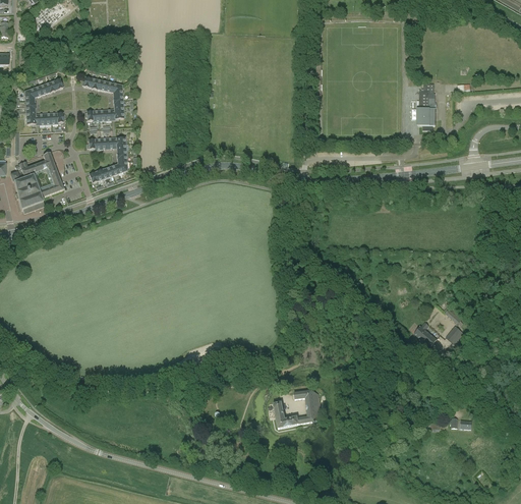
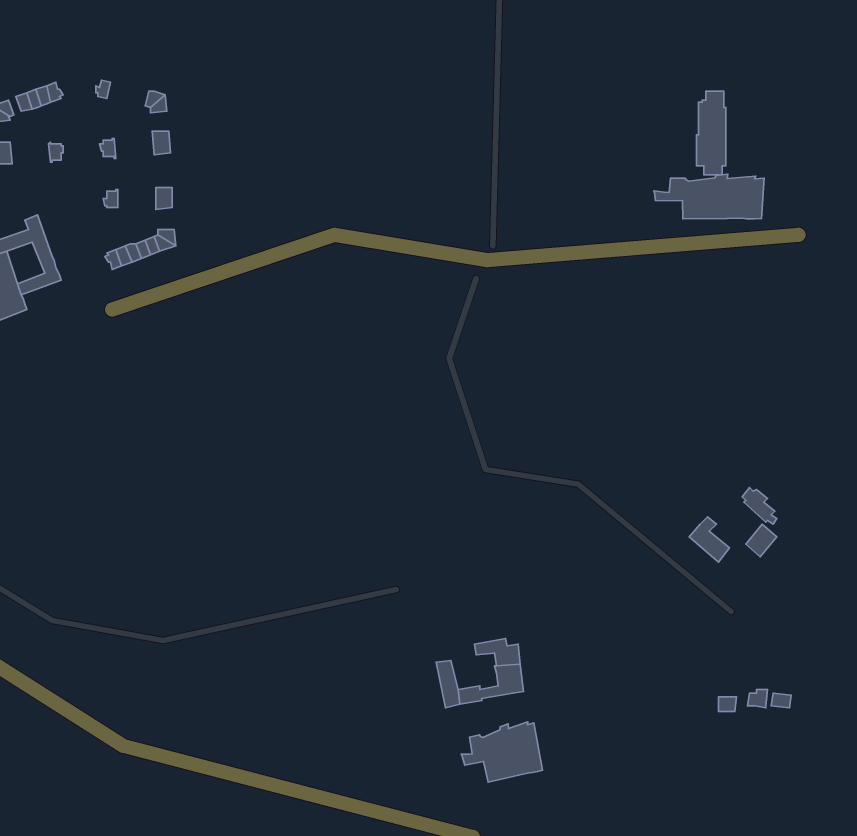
building: none -> [654,174,764,219]
building: none -> [461,722,543,782]

